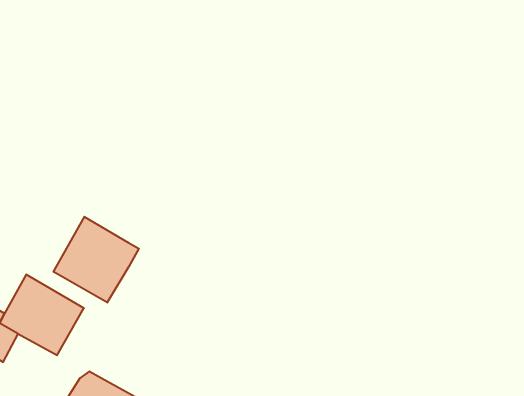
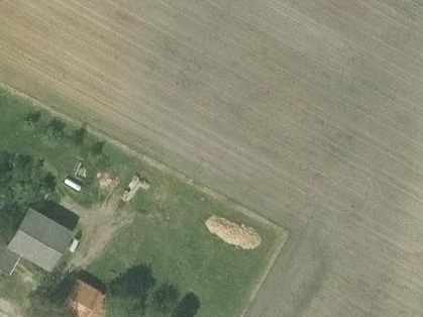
building: [54,217,139,303] -> none

